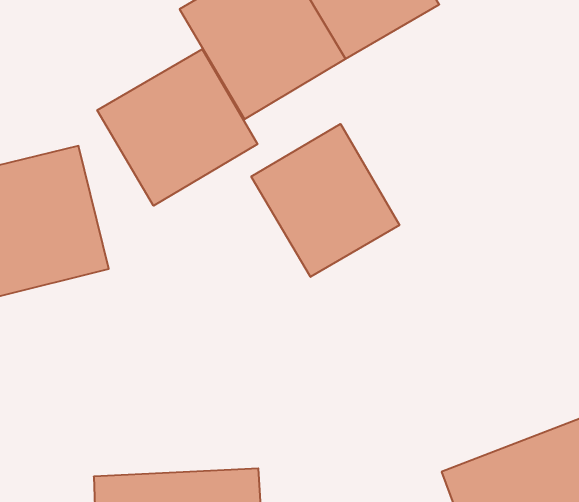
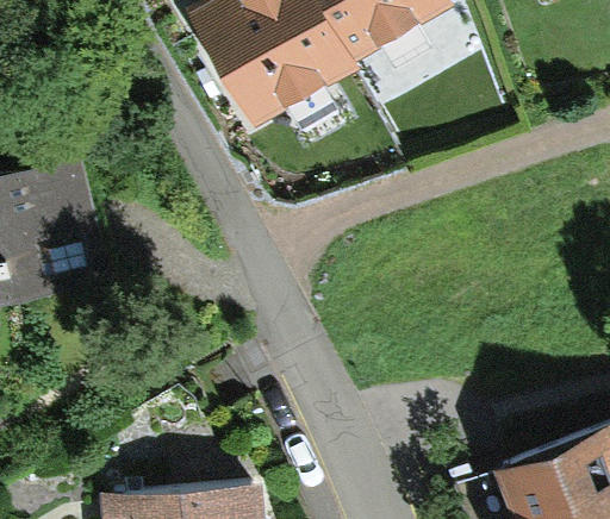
building: [97,49,257,206] -> none
building: [251,124,399,277] -> none

